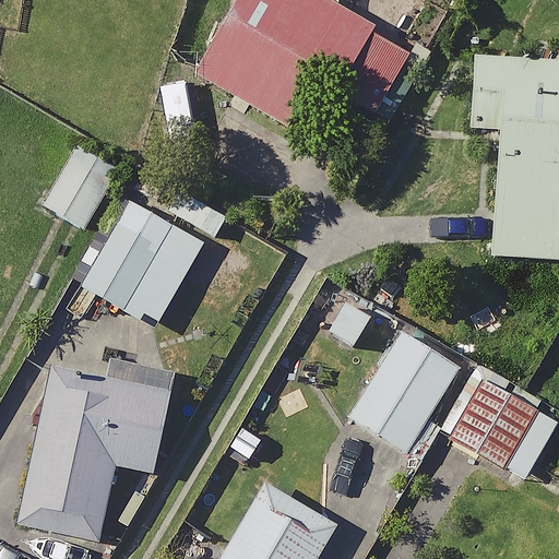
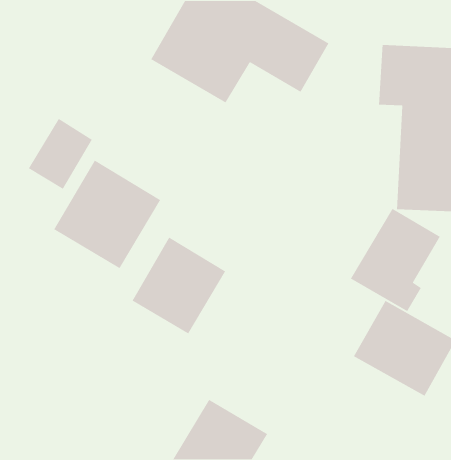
building: none -> [131,237,226,335]
building: [350,332,461,459] -> [350,208,441,312]
building: [17,367,169,542] -> none

